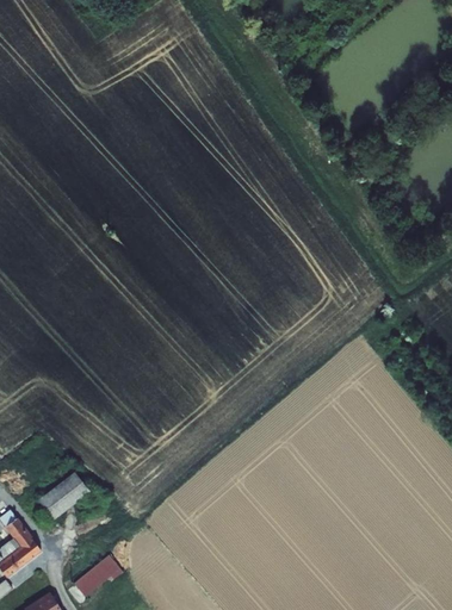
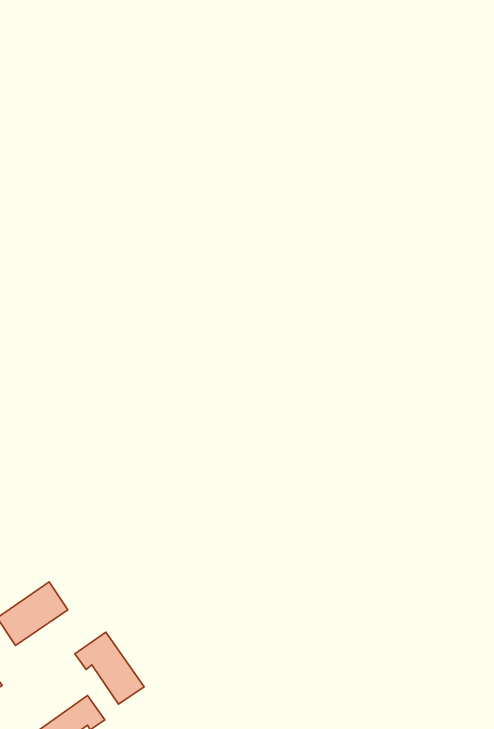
building: none -> [75,632,144,704]

